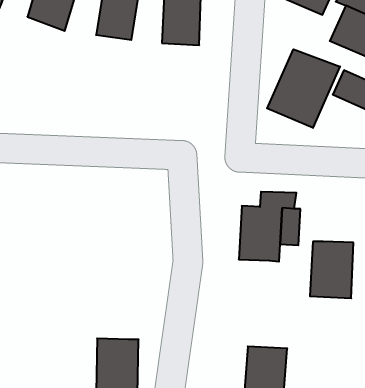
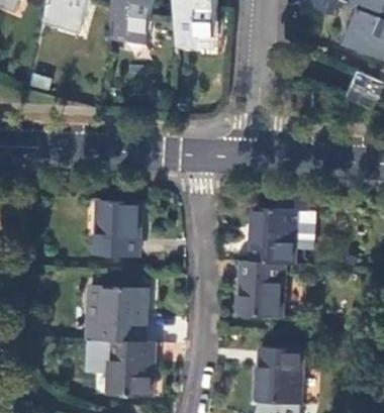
building: [267,49,340,128] -> none
building: none -> [96,203,139,259]
building: [310,242,353,298] -> [238,263,282,319]
building: none -> [82,287,142,342]

